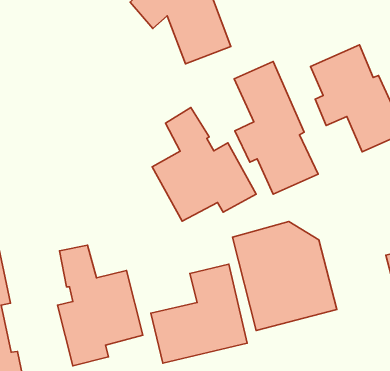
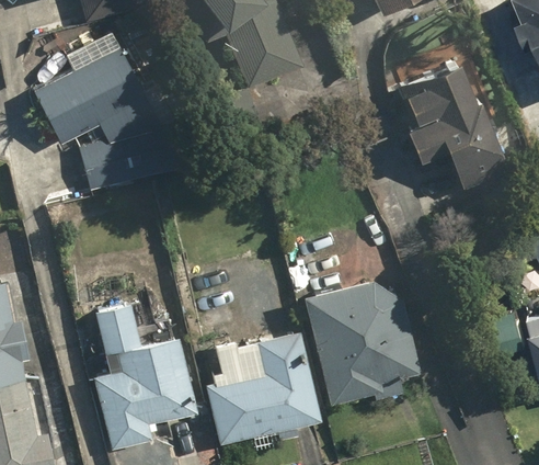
building: none -> [32,32,190,191]
building: [234,61,318,194] -> none
building: [152,107,256,221] -> none

